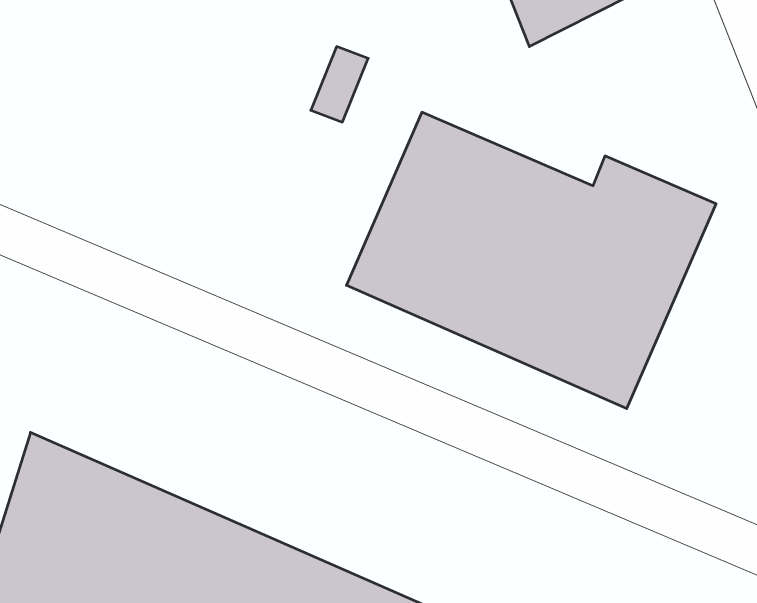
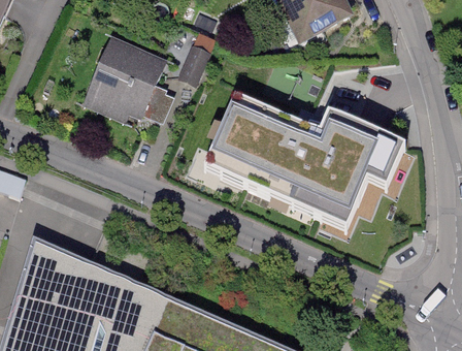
building: none -> [81,36,169,116]

